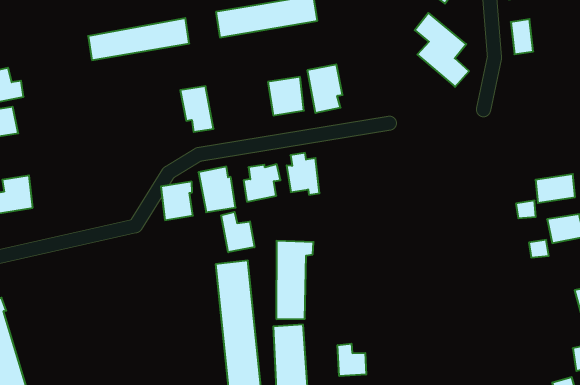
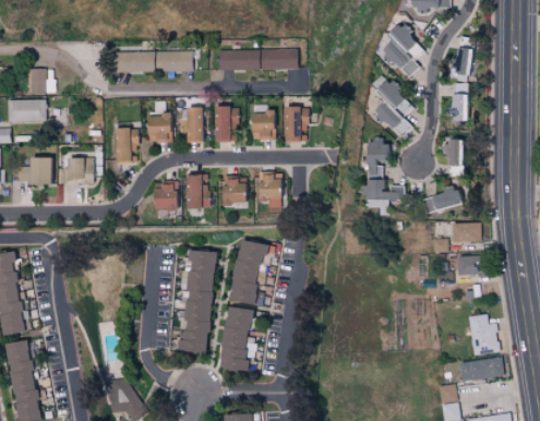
building: none -> [446,139,467,166]
building: none -> [215,106,240,141]
building: none -> [365,139,405,215]
building: none -> [147,113,171,142]
building: none -> [113,128,140,161]
building: none -> [423,189,460,212]
building: none -> [67,157,94,182]
building: [221,212,254,252] -> none
building: [338,344,366,376] -> none

